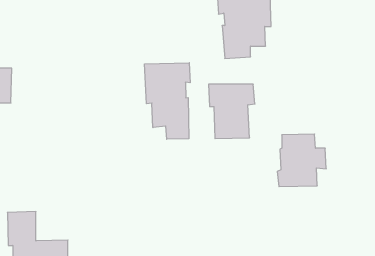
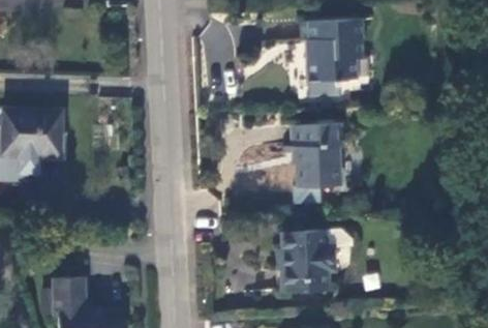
building: [145,63,190,139] -> none
building: [277,134,326,187] -> [287,233,344,294]

